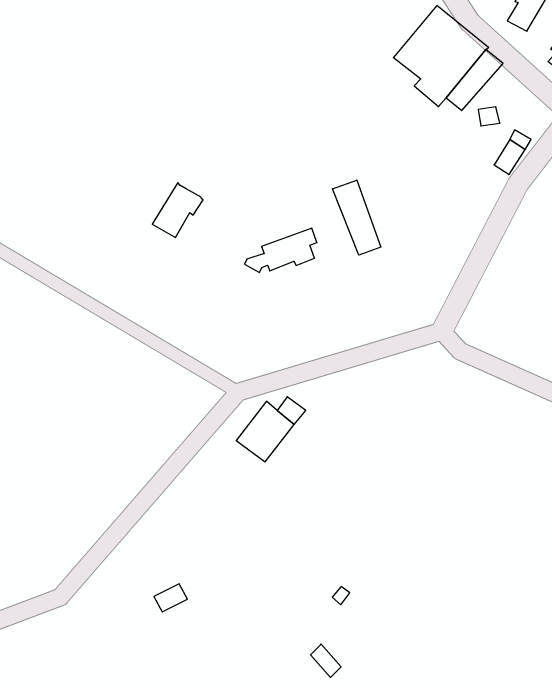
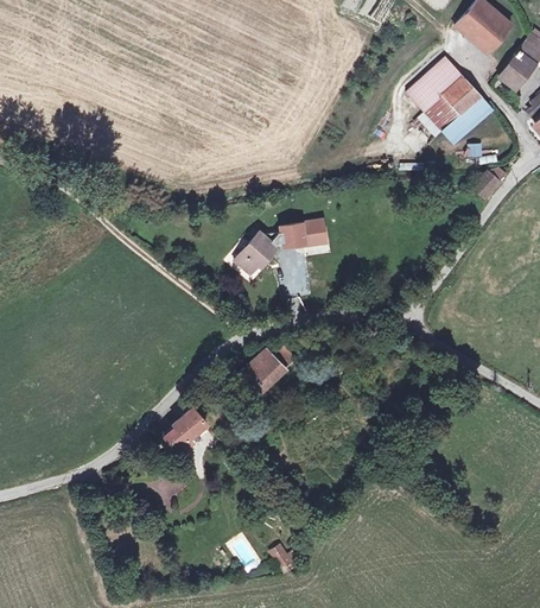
building: [332,180,381,255] -> none
building: [152,183,203,237] -> [235,232,278,274]
building: none -> [165,408,207,452]

